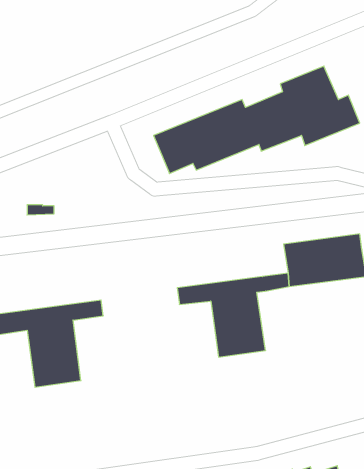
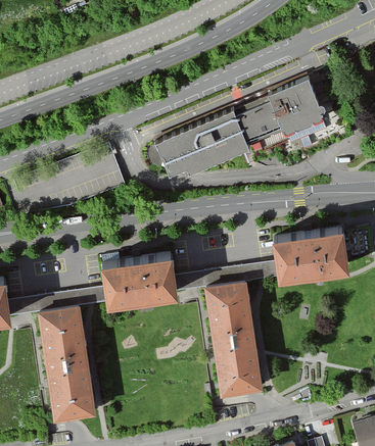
building: none -> [102,257,178,305]
building: none -> [214,337,264,396]
building: none -> [46,364,95,422]

